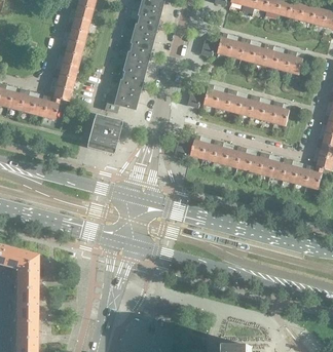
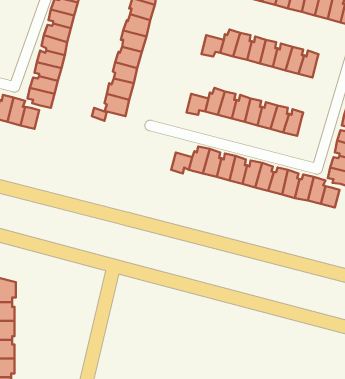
building: [86,115,122,153] -> none

